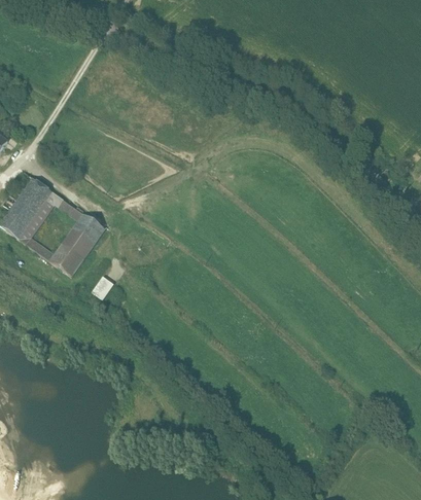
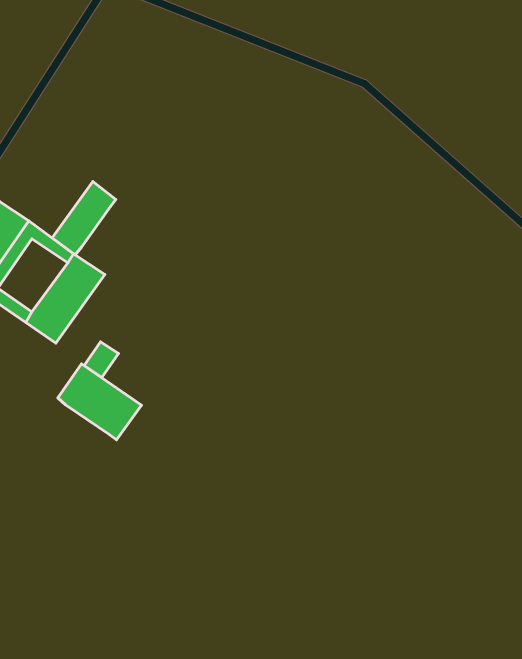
building: none -> [52,182,116,255]
building: none -> [58,364,142,440]

